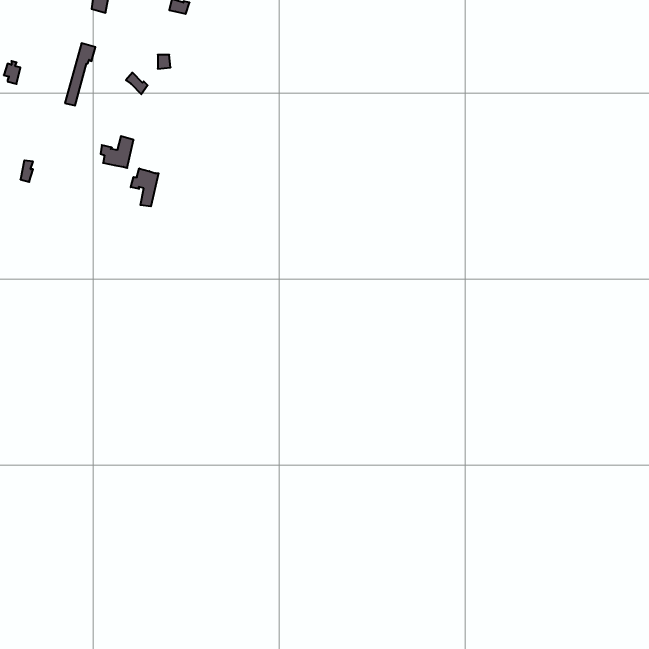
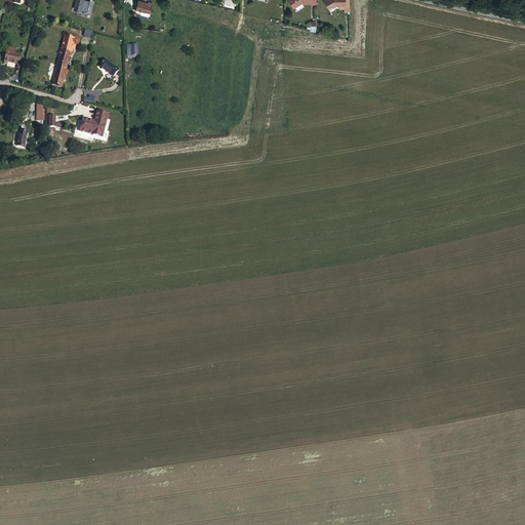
building: [131,168,159,206] -> none

